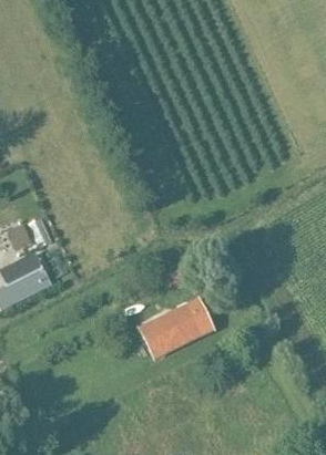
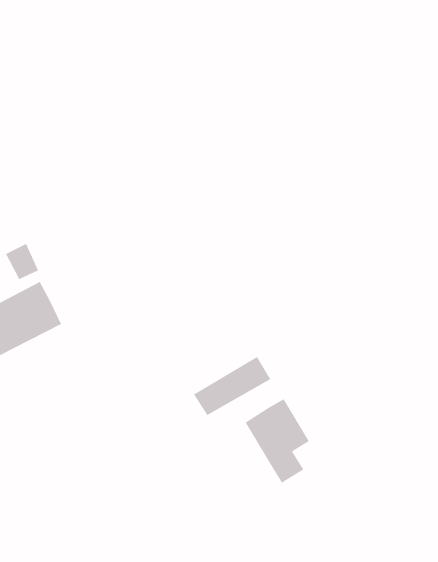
building: none -> [245,398,310,484]

